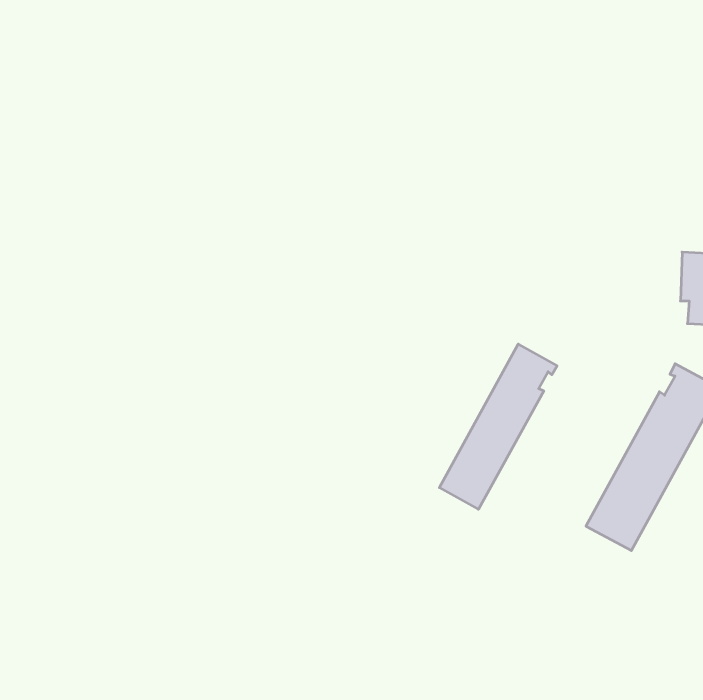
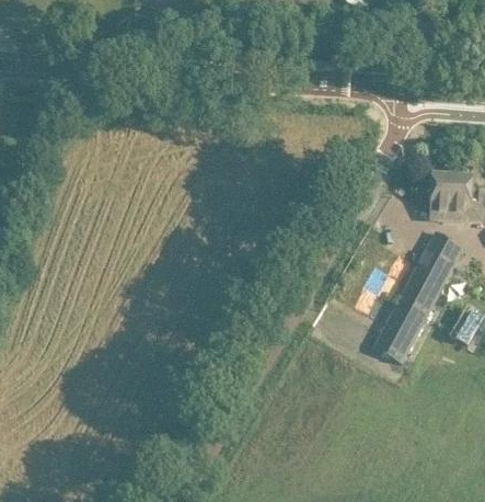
building: [439,344,557,509] -> none

